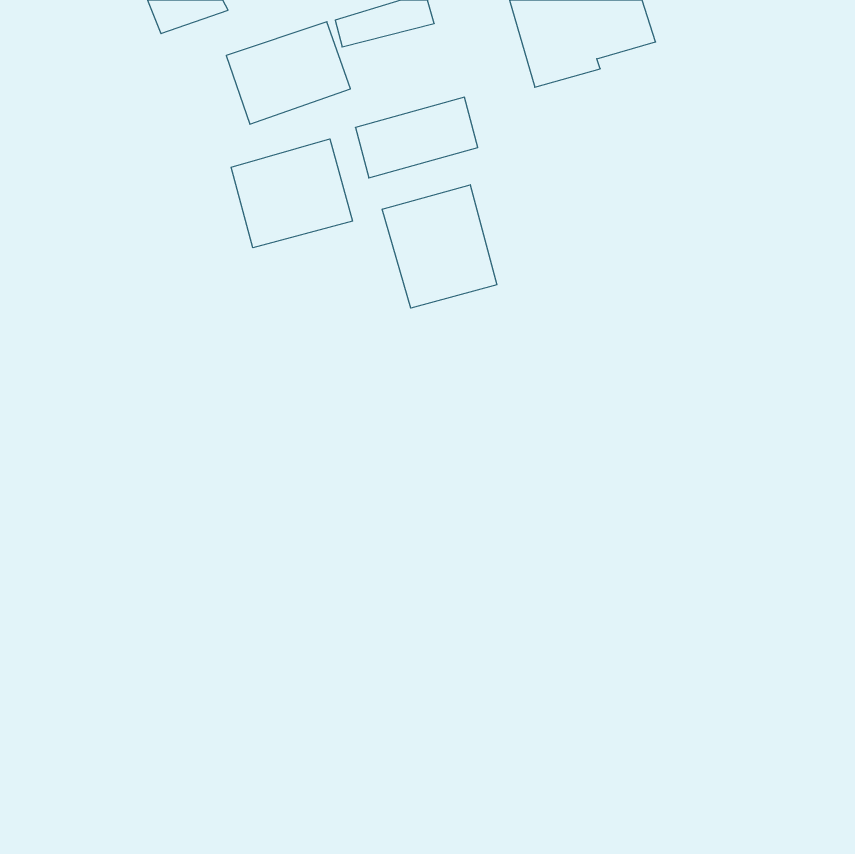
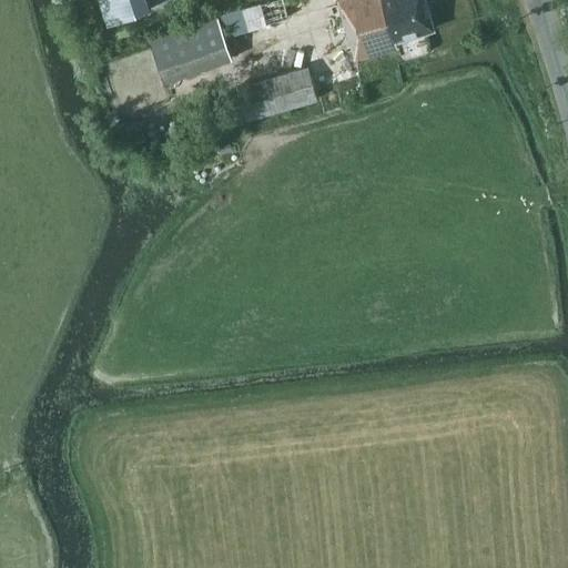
building: [231,139,353,248] -> none
building: [382,185,497,308] -> none

